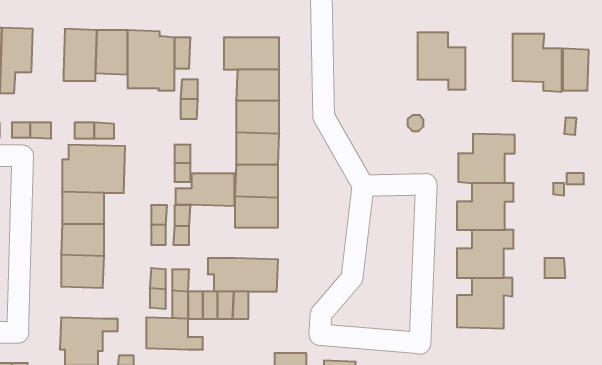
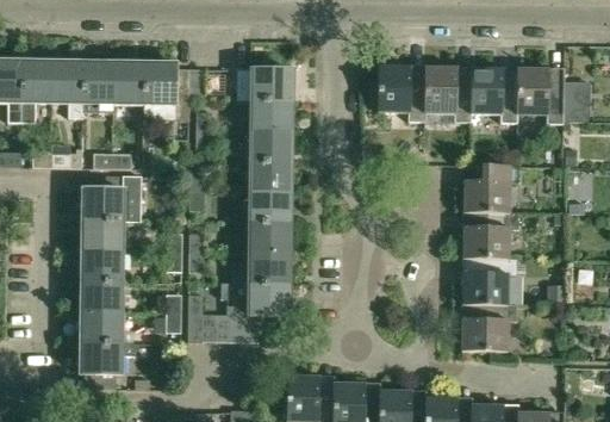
building: none -> [51,62,83,117]
building: none -> [378,64,424,119]
building: none -> [471,66,516,122]
building: [175,174,235,206] -> [232,254,290,285]
building: [146,317,203,350] -> [80,311,135,342]

